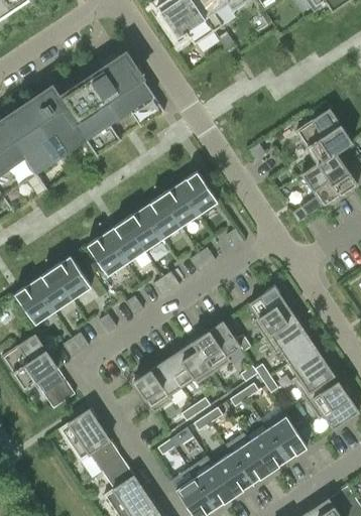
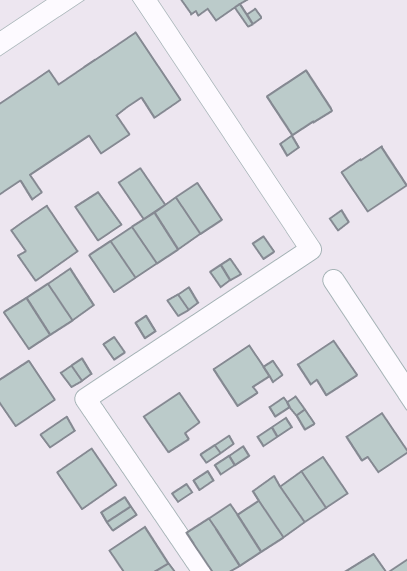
building: [296,108,352,163] -> [267,70,332,136]
building: [178,170,218,214] -> [119,168,165,219]
building: none -> [75,192,121,240]
building: none -> [11,206,78,281]
building: [249,284,294,337] -> none
building: [163,341,213,386] -> none
building: [288,346,336,398] -> none

